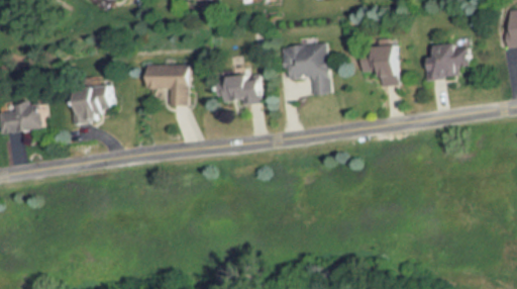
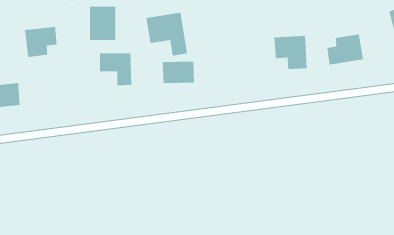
building: none -> [89,6,116,41]
building: [281,41,332,96] -> [146,12,188,56]
building: [71,87,111,125] -> [24,26,57,58]

